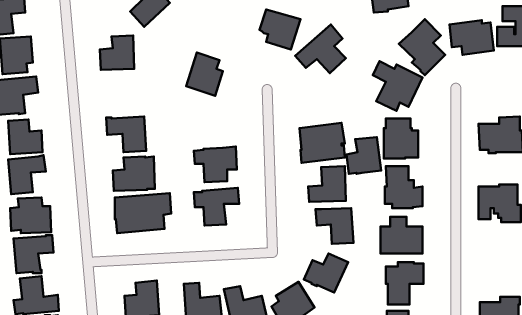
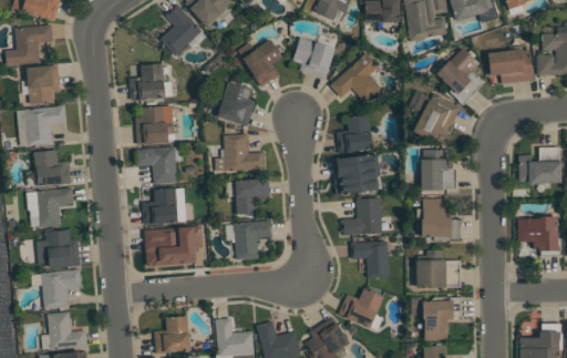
building: none -> [238,39,282,86]
building: none -> [135,105,175,145]
building: none -> [216,134,265,171]
building: [347,137,381,174] -> [338,115,373,153]

